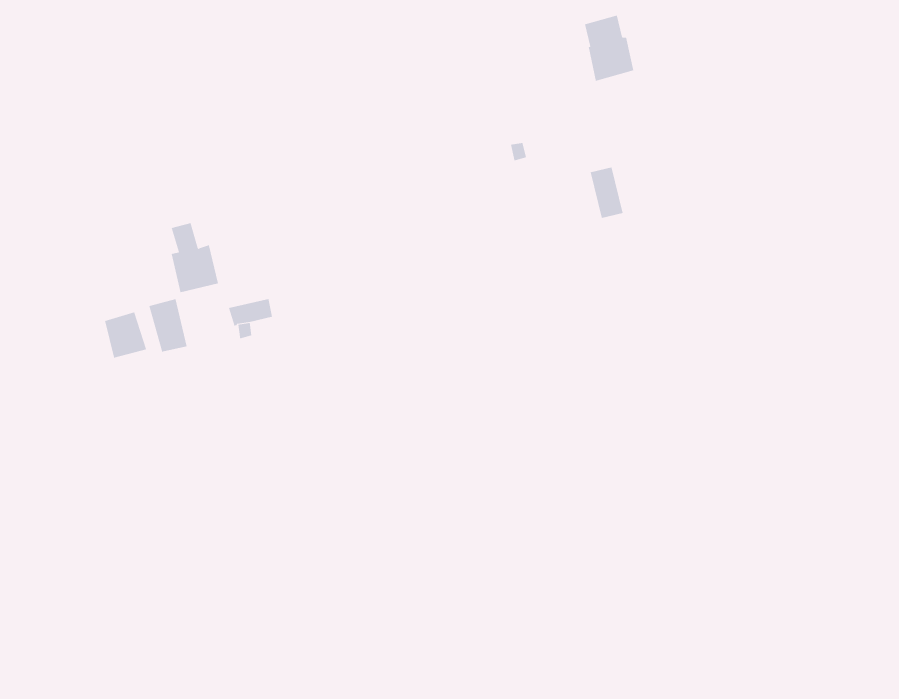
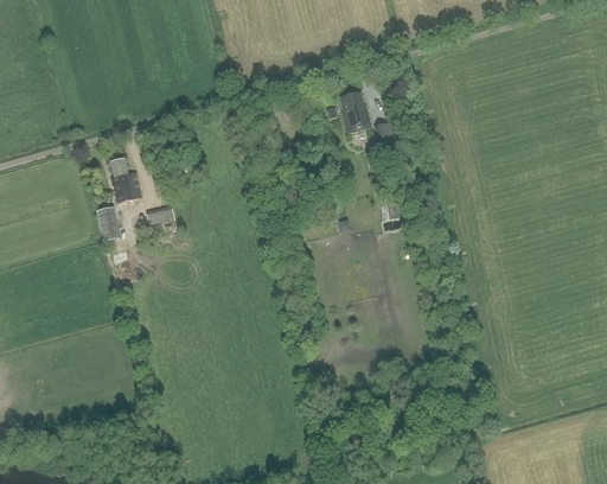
building: [584,15,634,82] -> [339,90,371,133]
building: [105,312,147,359] -> none

